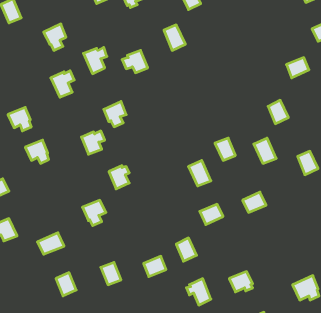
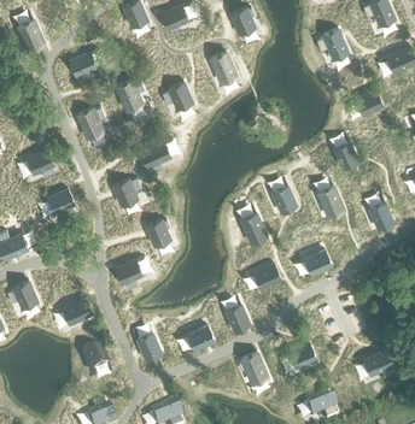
building: none -> [316,28,347,59]

